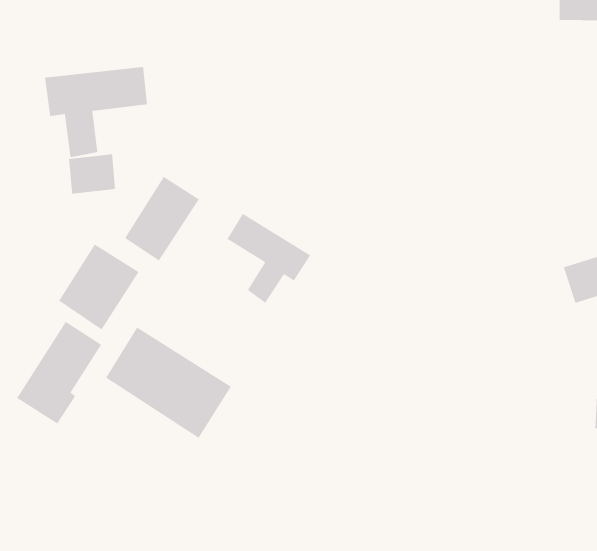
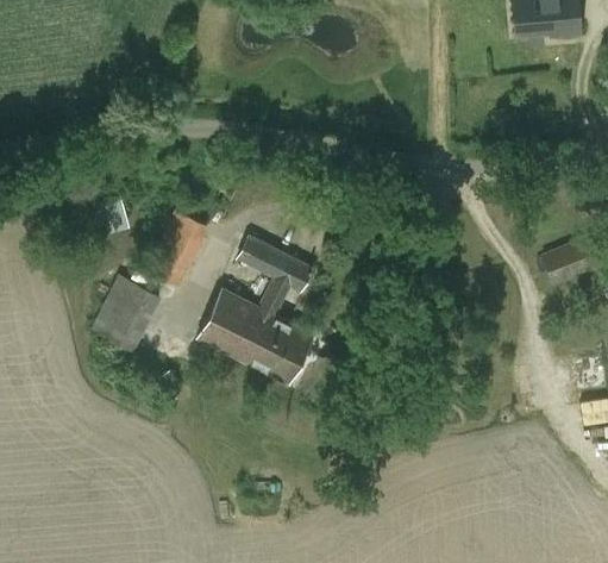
building: [44,66,148,158] -> none
building: [16,321,102,424] -> none
building: [105,327,232,439] -> [199,289,313,384]

